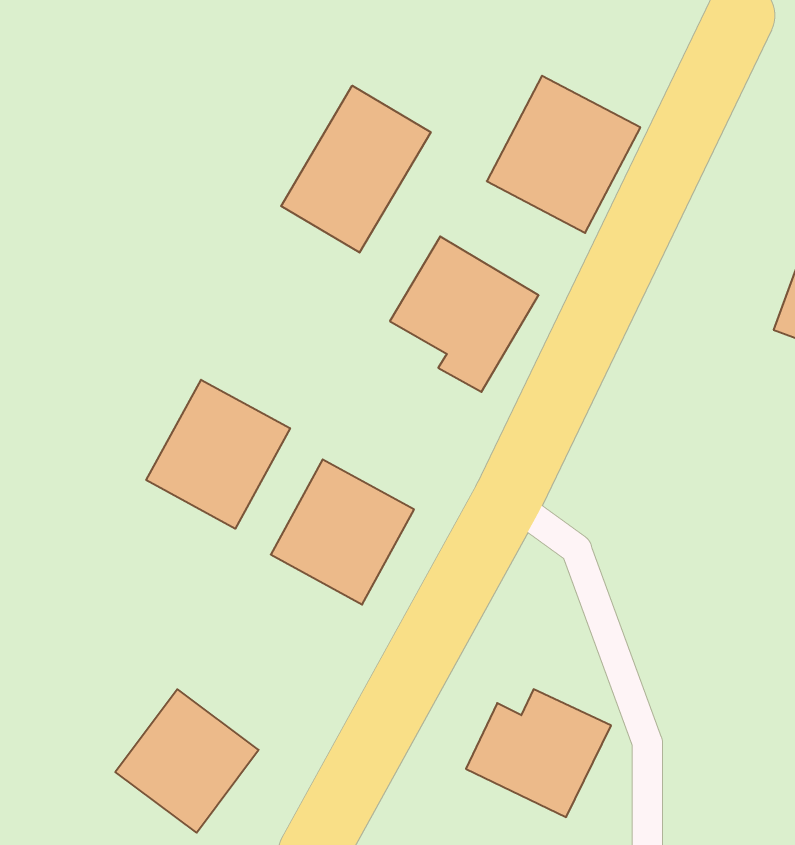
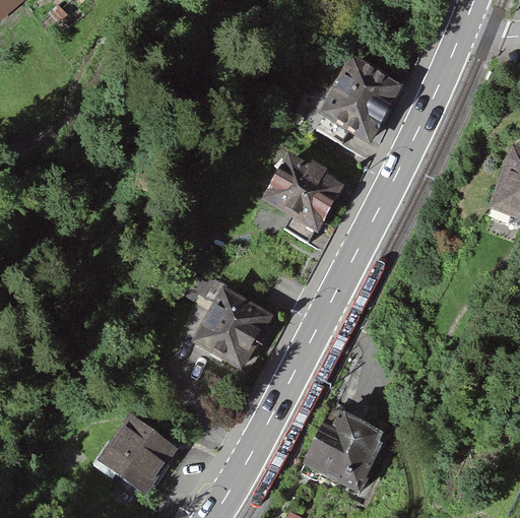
building: [281,86,431,253] -> none
building: [146,380,290,529] -> none

